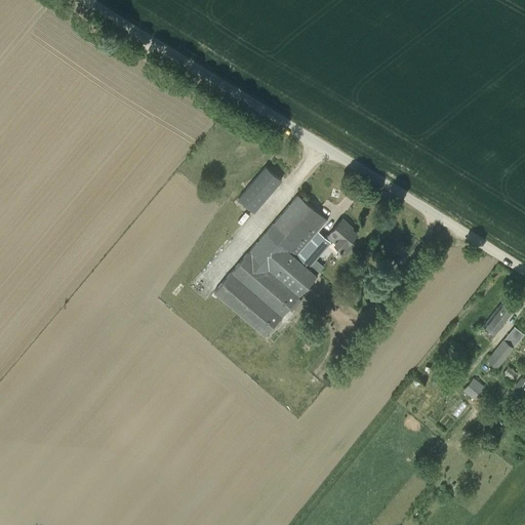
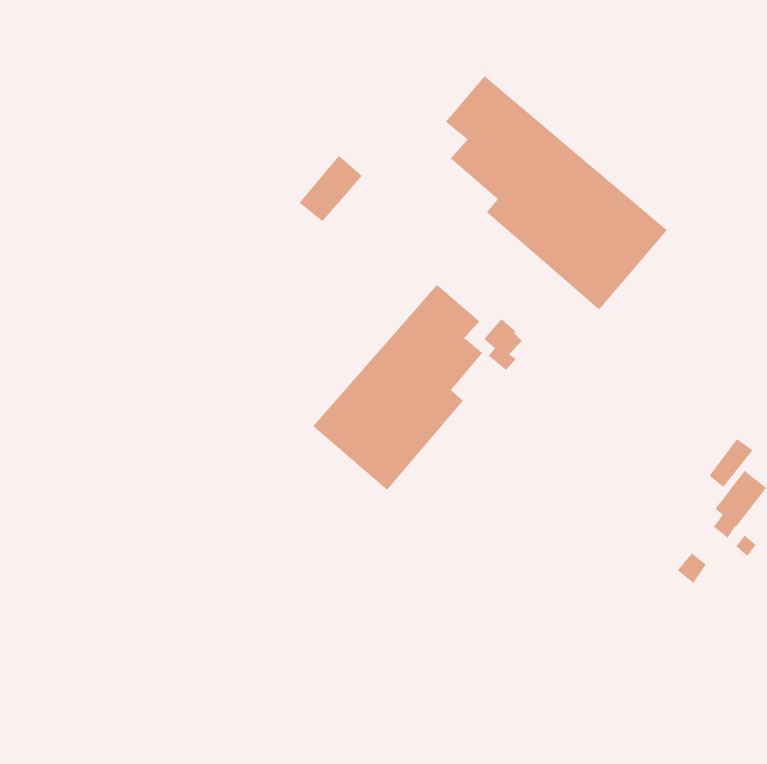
building: none -> [445,75,668,310]
building: [238,167,282,213] -> [298,155,363,222]

